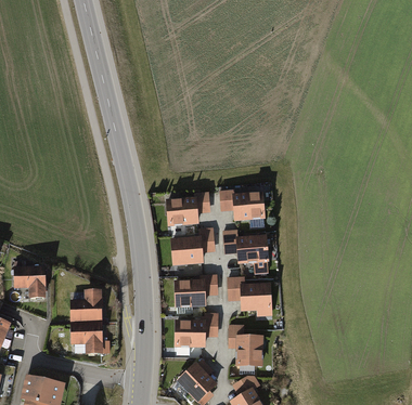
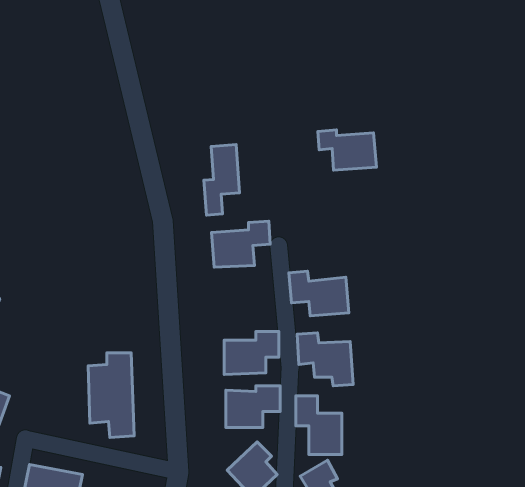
building: none -> [204,145,239,215]
building: [220,188,265,219] -> [318,130,376,170]
building: [169,231,213,262] -> none
building: [15,265,49,299] -> none

